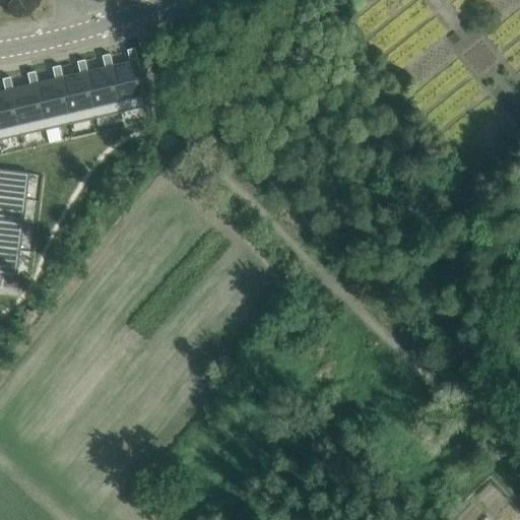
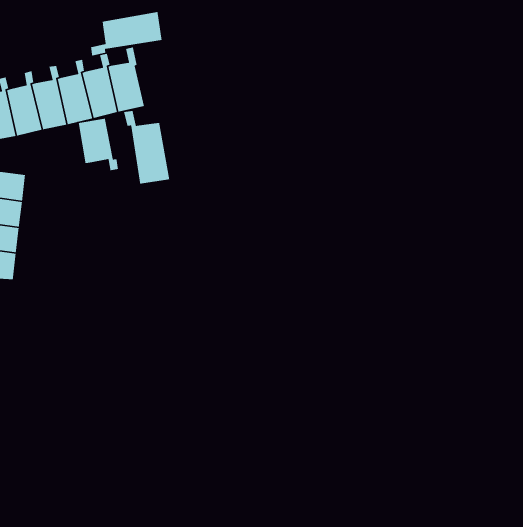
building: none -> [90,11,163,56]
building: none -> [123,110,170,185]
building: none -> [78,118,119,171]

